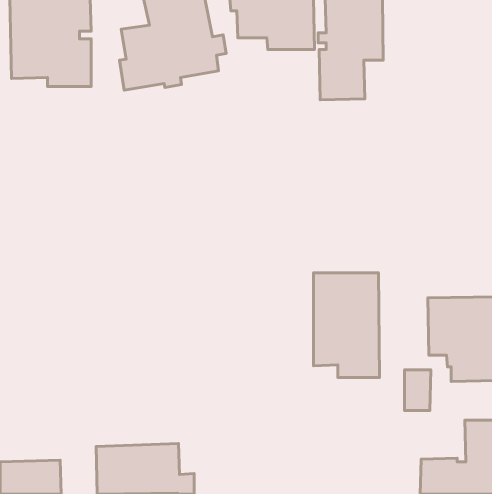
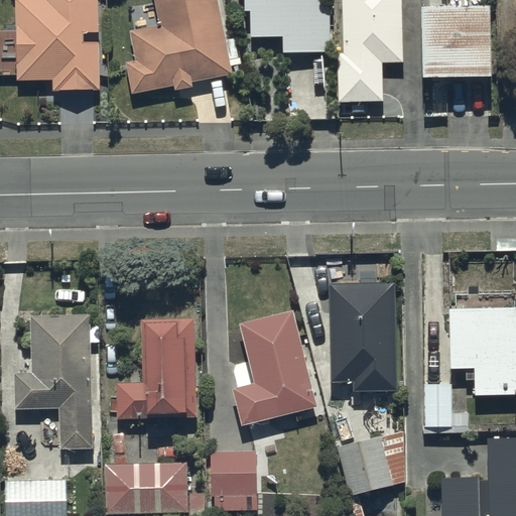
building: none -> [427,13,499,89]
building: none -> [233,310,317,425]
building: none -> [13,314,101,447]
building: none -> [116,317,196,417]
building: none -> [337,430,406,496]
building: none -> [211,449,257,509]

